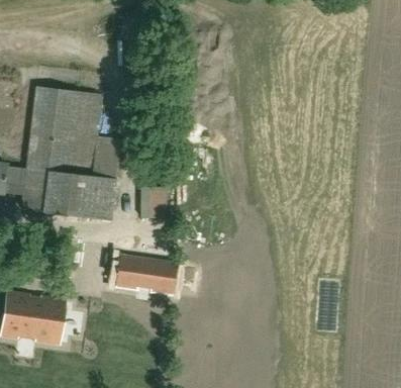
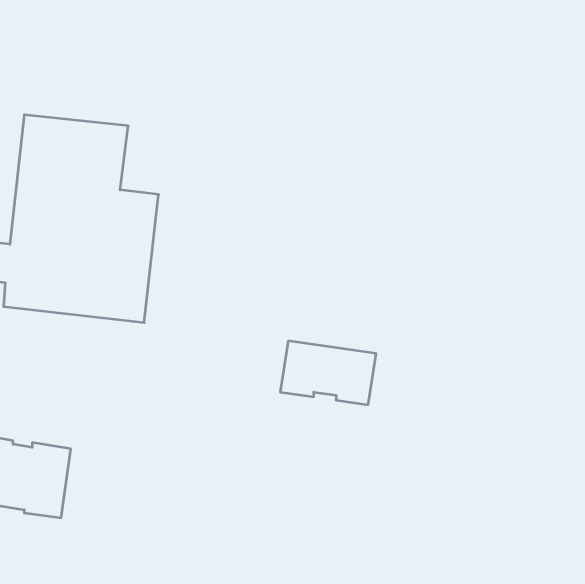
building: [144,187,170,213] -> none
building: [115,254,176,294] -> [280,341,376,405]

